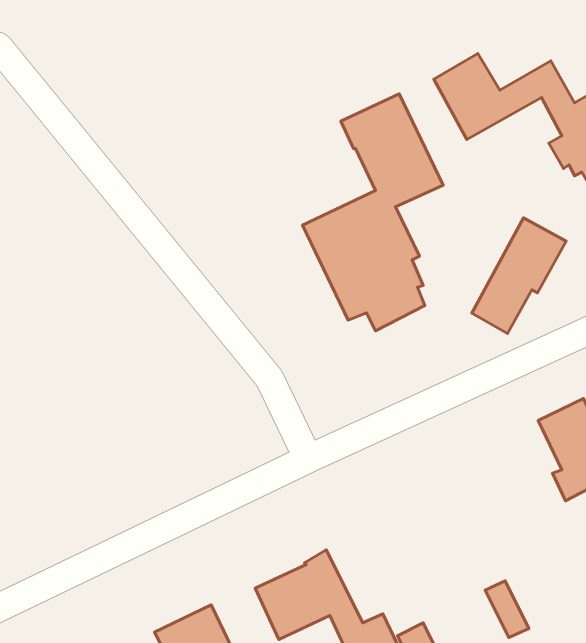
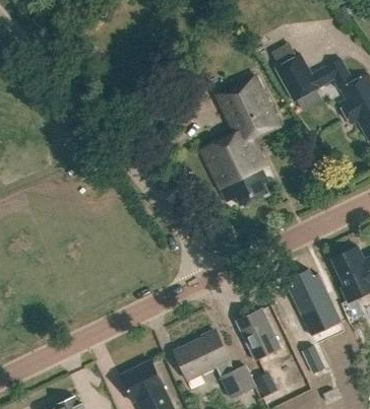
building: [472,218,566,334] -> none
building: none -> [290,271,341,337]
building: none -> [236,309,282,361]

